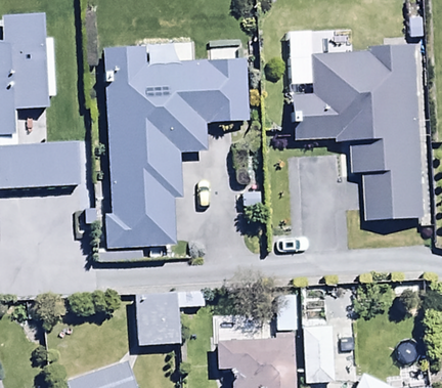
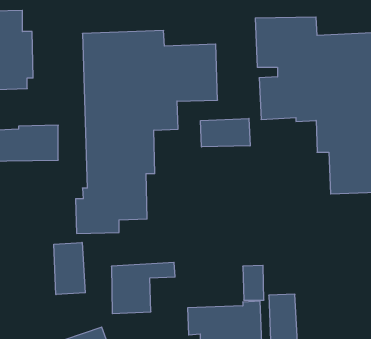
building: none -> [201,118,250,147]
building: none -> [54,242,85,295]

